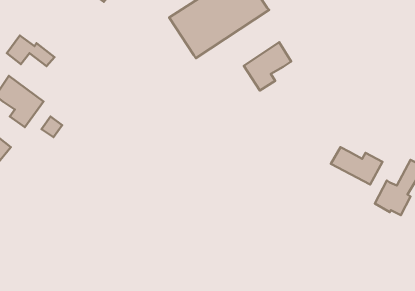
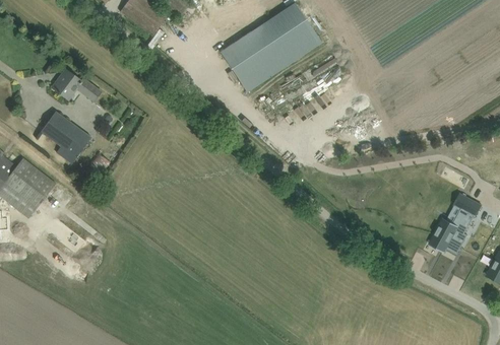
building: [244,42,291,91] -> none
building: [331,147,382,184] -> none

